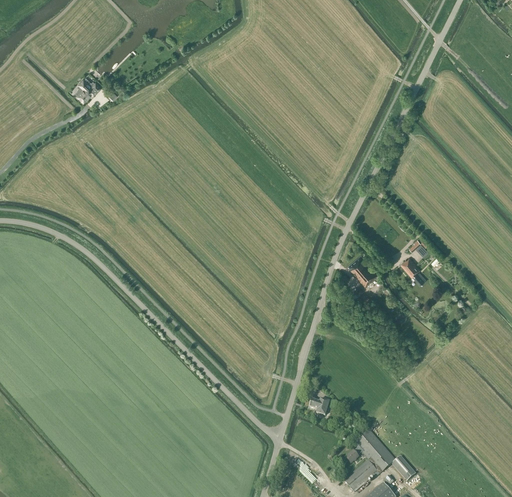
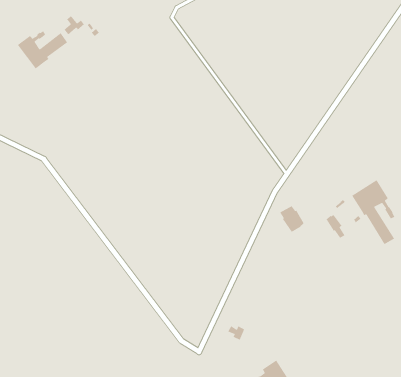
building: none -> [17,30,68,70]
building: none -> [351,179,396,245]

